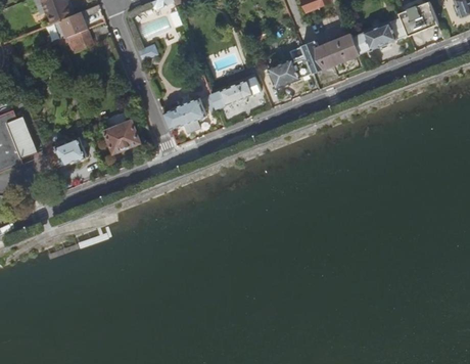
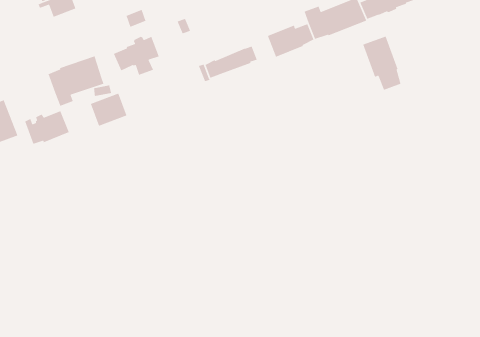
building: none -> [362,35,402,91]
building: none -> [48,56,105,107]
building: [162,97,205,134] -> [113,36,160,76]

